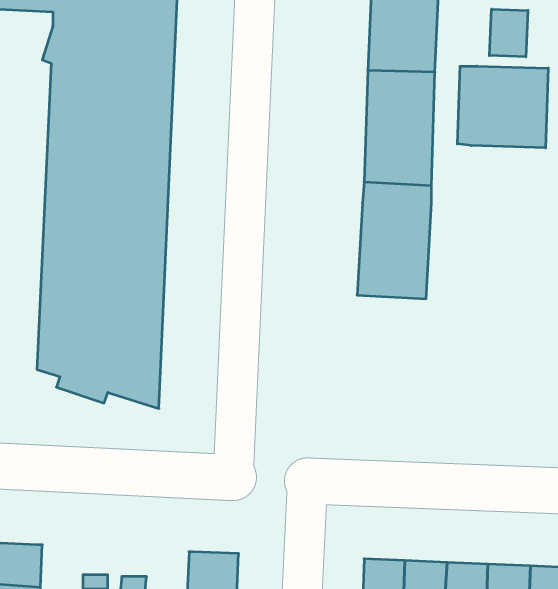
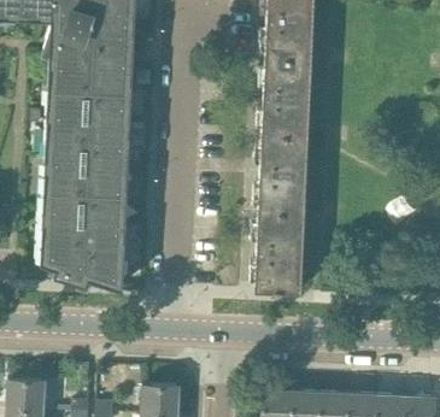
building: [489,9,528,57] -> none
building: [457,66,548,148] -> none
building: none -> [254,212,305,293]

